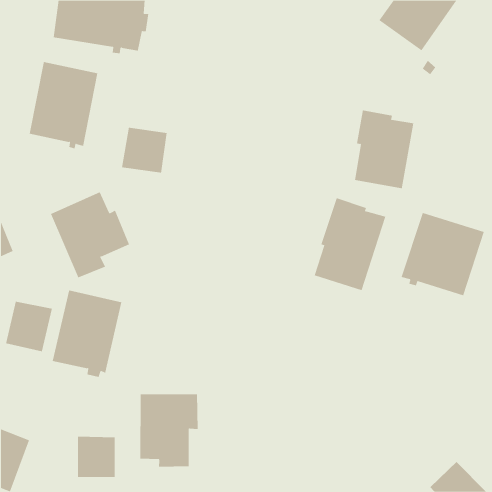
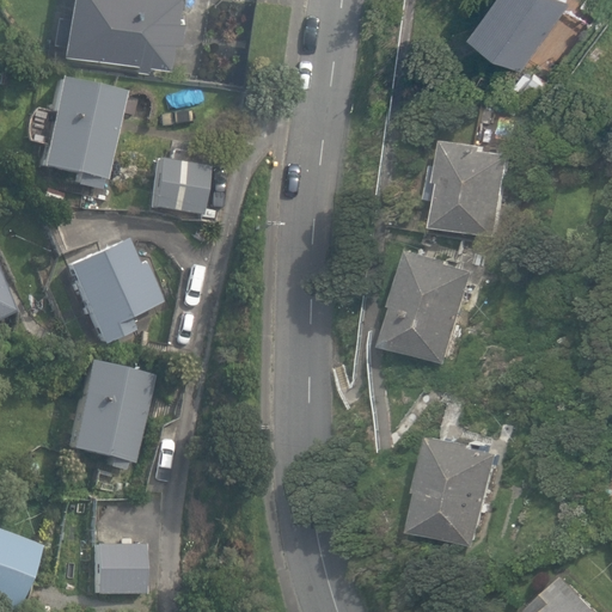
building: [401,212,484,296] -> none
building: [6,301,52,352] -> none
building: none -> [417,430,502,543]
building: [140,394,198,468] -> none

